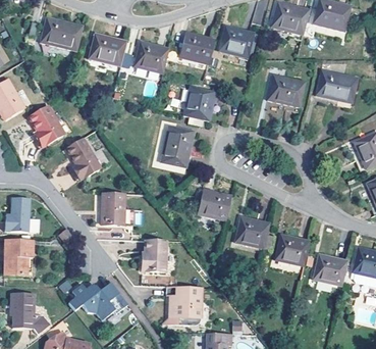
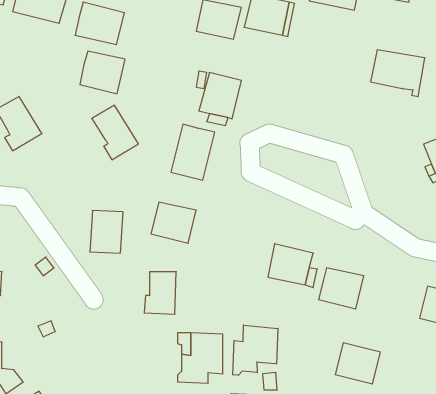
building: [133,41,168,73] -> [80,51,125,94]
building: [264,64,304,108] -> none
building: [64,138,100,180] -> [92,105,138,160]
building: [198,190,232,221] -> [151,202,196,243]
building: [312,257,346,289] -> [335,343,380,384]
building: [66,281,124,319] -> none
building: none -> [233,325,278,375]

